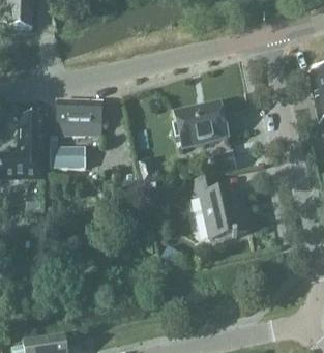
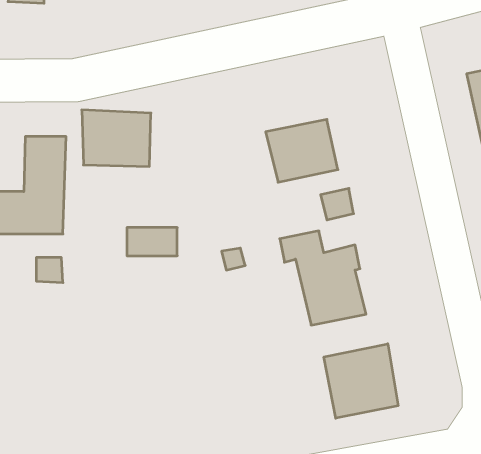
building: [51,148,84,167] -> [127,228,177,256]
building: none -> [324,344,398,418]

